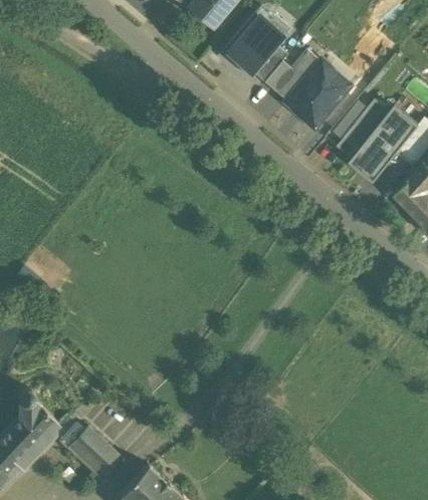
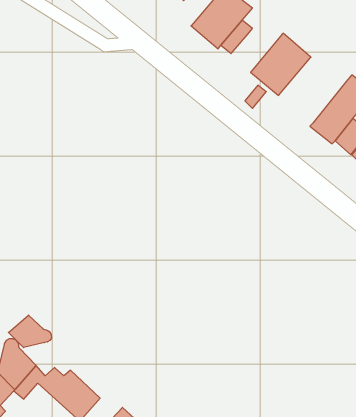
building: [265,50,320,101] -> none
building: [339,100,390,158] -> none
building: none -> [8,315,51,348]

